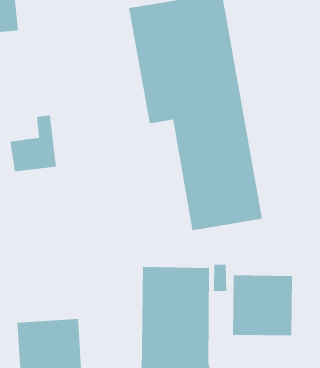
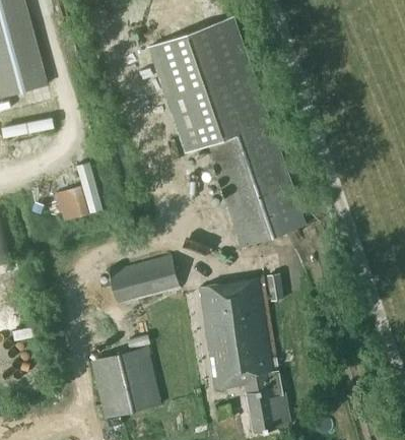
building: none -> [109,256,179,302]
building: [232,275,293,336] -> none

